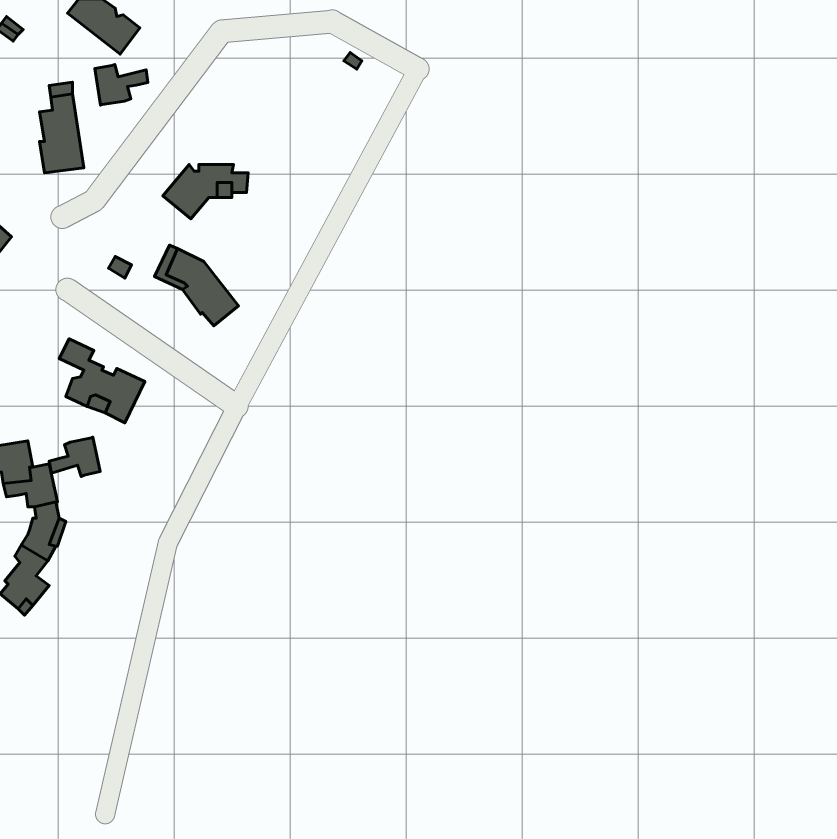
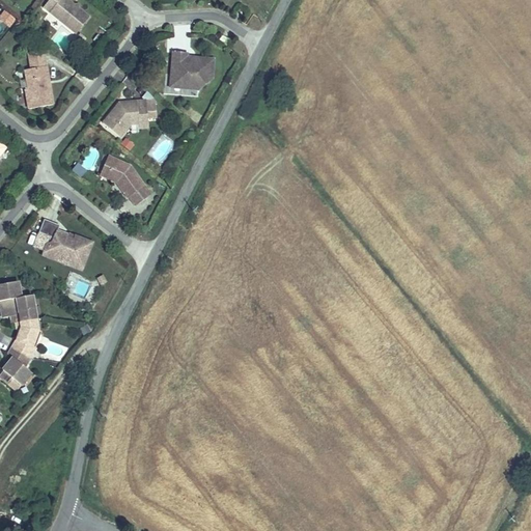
building: [95,64,148,105] -> none
building: none -> [169,53,212,89]
building: [49,437,100,476] -> none

